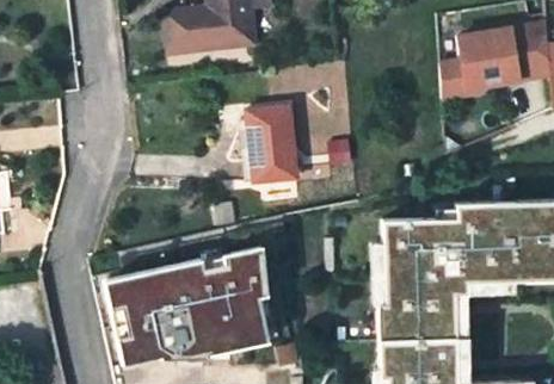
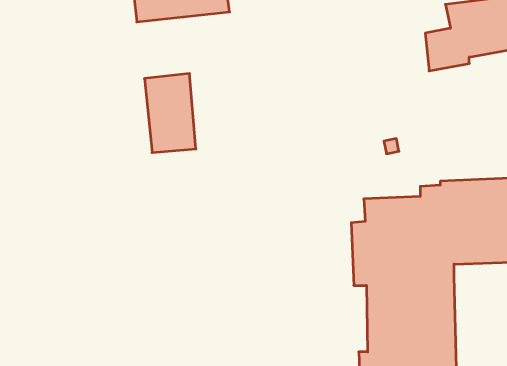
building: [245,105,294,180] -> [144,74,196,153]
building: [107,249,272,361] -> none

